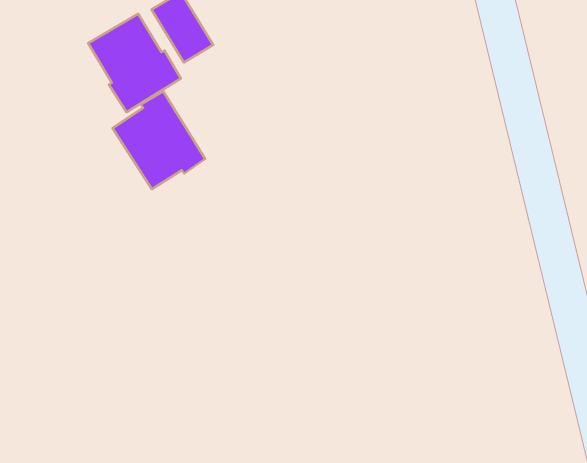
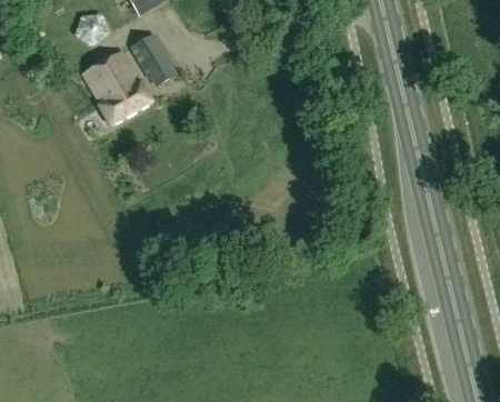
building: [113,91,205,189] -> none

